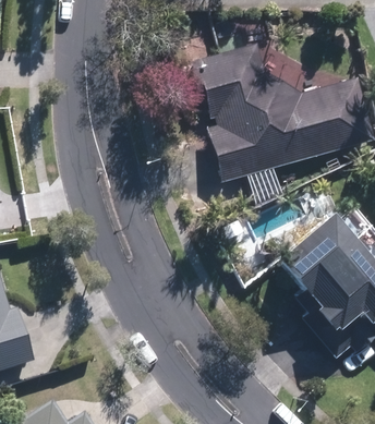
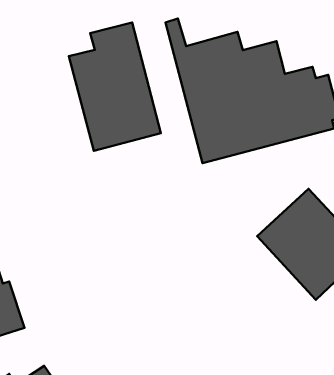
building: none -> [69,23,161,151]

